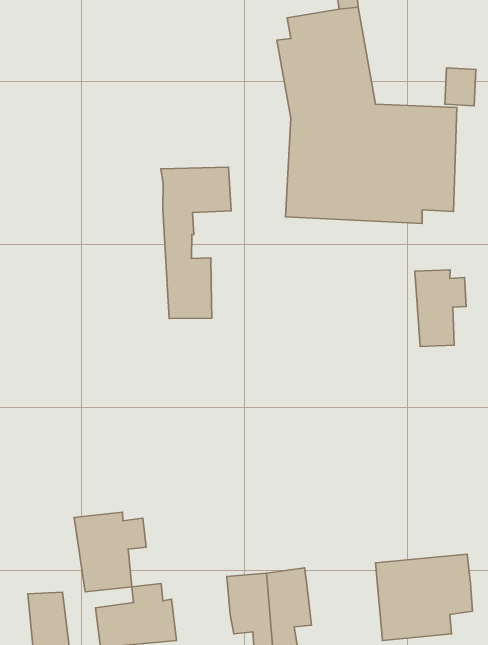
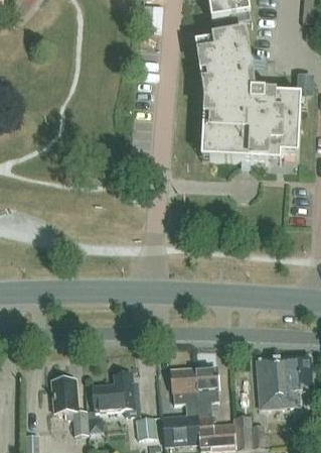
building: [161,167,231,319] -> none
building: [415,270,466,346] -> none
building: [74,512,146,592] -> none

